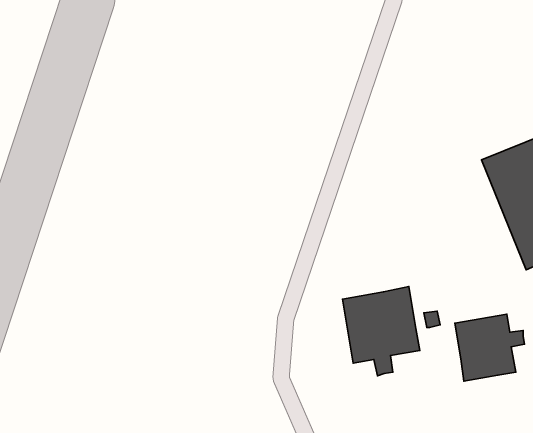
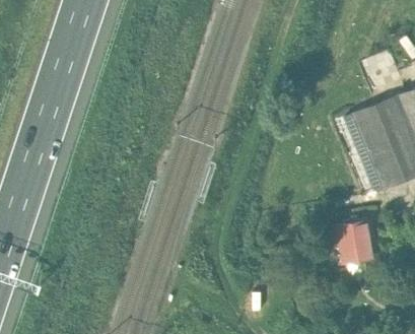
building: [342,287,420,376] -> none

